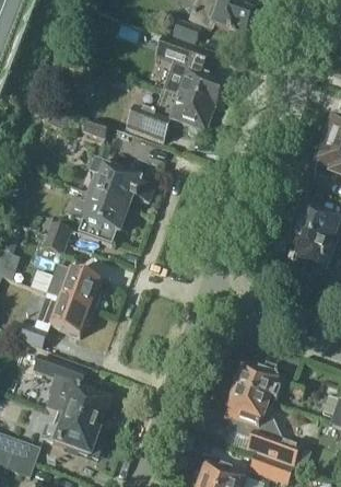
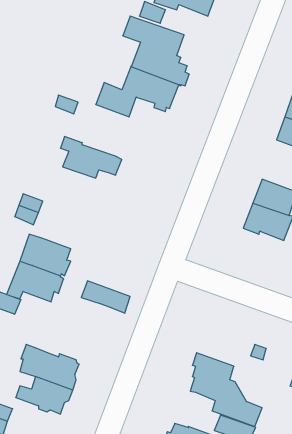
building: [69,192,127,243] -> none
building: [33,355,84,389] -> [81,281,130,313]
building: [233,363,286,402] -> none

